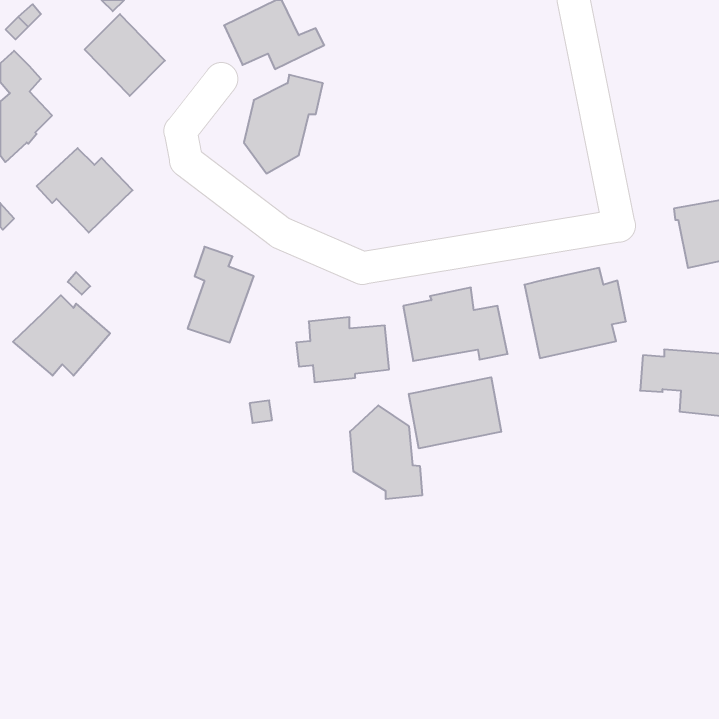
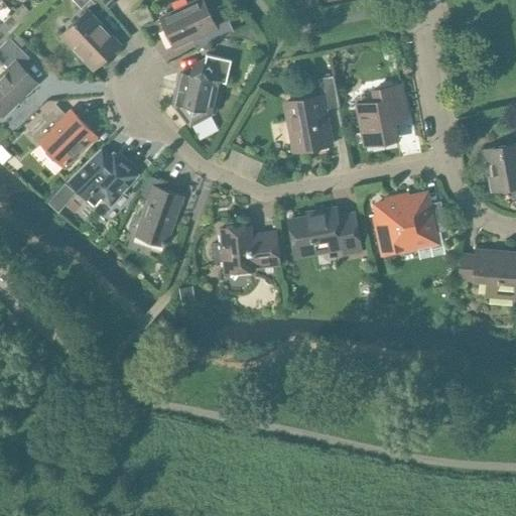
building: none -> [285,78,340,152]
building: none -> [357,86,406,146]
building: [13,295,110,376] -> [68,148,137,206]
building: [409,377,501,448] -> none
building: [350,405,422,499] -> none

